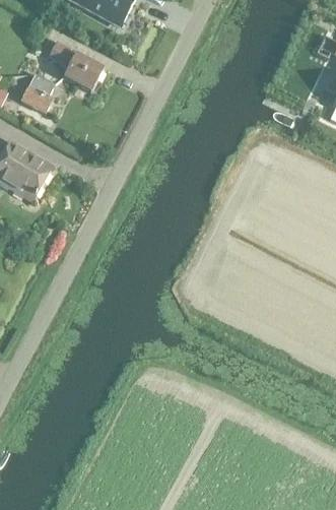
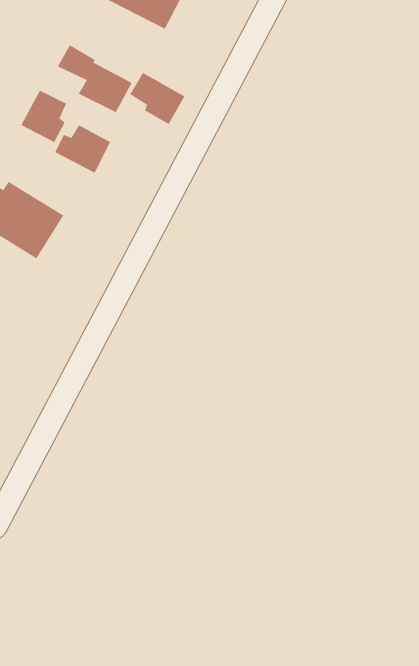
building: none -> [129,72,185,125]
building: none -> [54,125,111,174]

